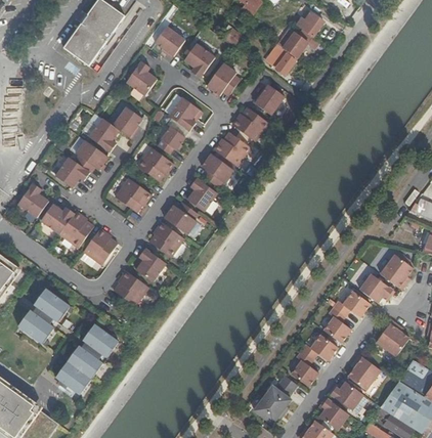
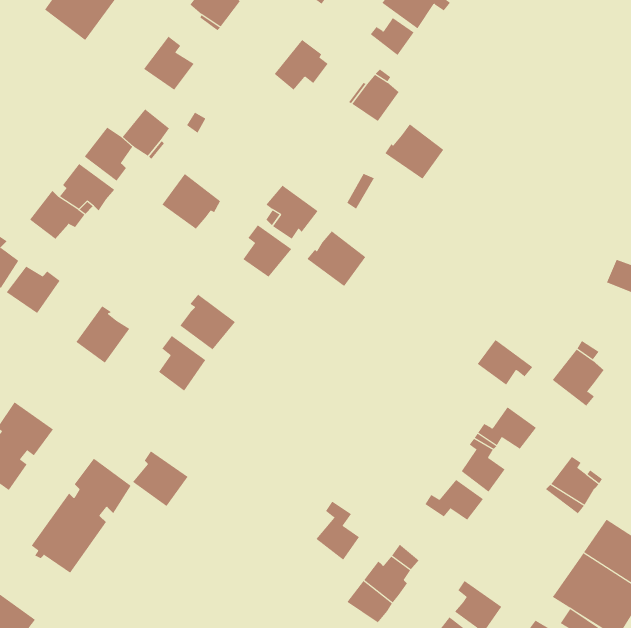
building: [184,44,215,78] -> none
building: [169,97,200,131] -> none
building: [232,106,269,141] -> [385,123,444,180]
building: [158,126,185,155] -> none
building: [214,132,251,167] -> [307,231,366,287]
building: [116,178,153,212] -> none
building: [163,204,197,233] -> none
building: [60,211,93,248] -> none
building: [113,270,147,305] -> [132,450,188,507]
building: [358,274,393,303] -> [477,339,533,385]
building: [290,351,317,388] -> [315,501,360,560]
building: [347,355,380,391] -> none
building: [328,382,363,411] -> none

